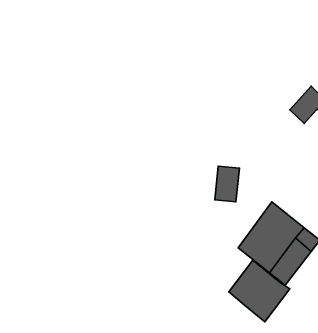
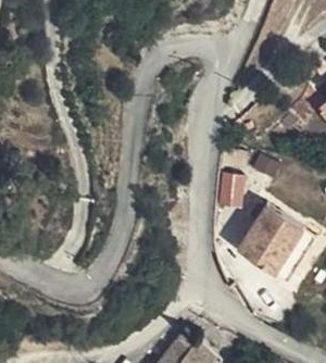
building: [229,260,290,322] -> none

